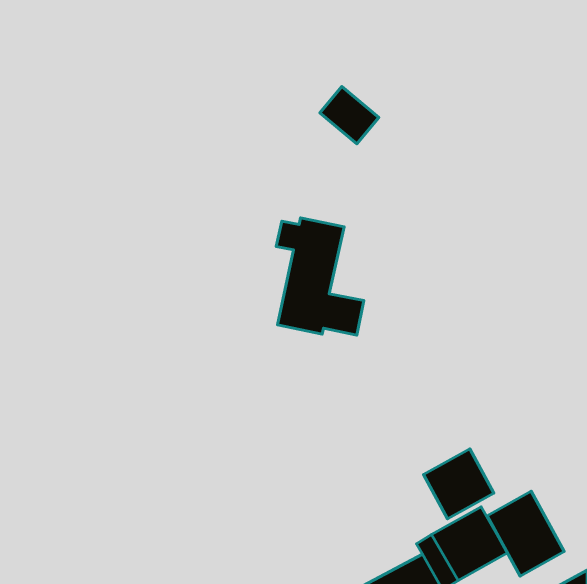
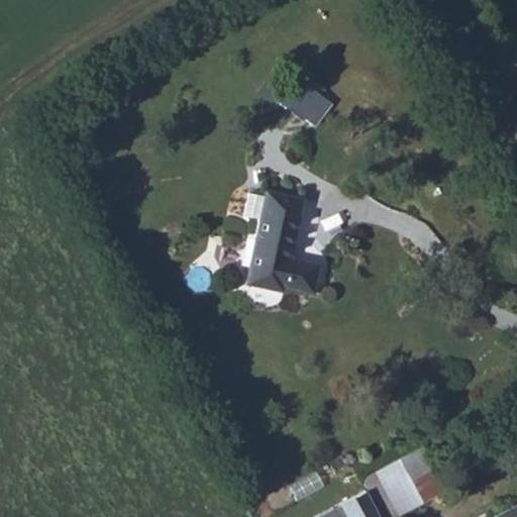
building: [424,449,494,519] -> none
building: [487,491,564,576] -> none

